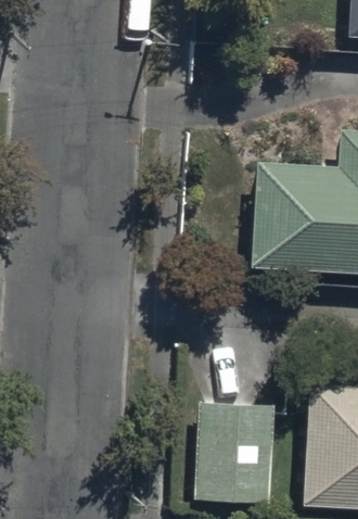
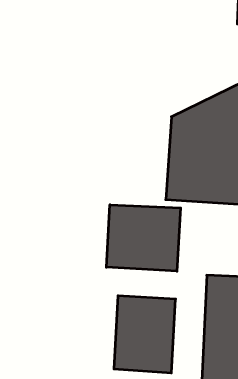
building: none -> [106,205,181,271]

